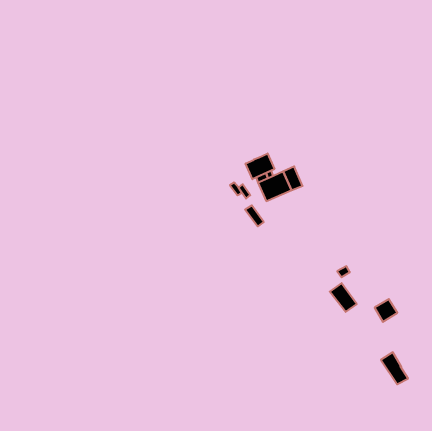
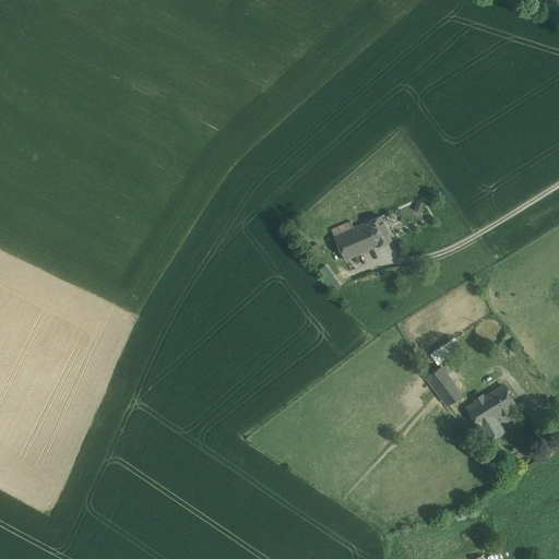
building: [246,153,274,179] -> none
building: [381,352,408,384] -> [468,399,503,440]

